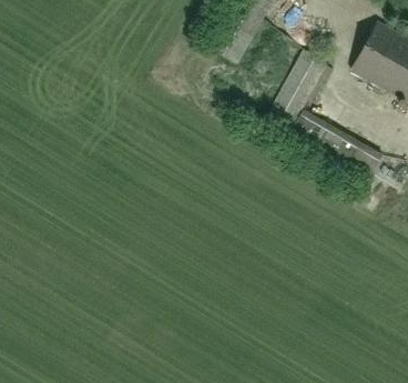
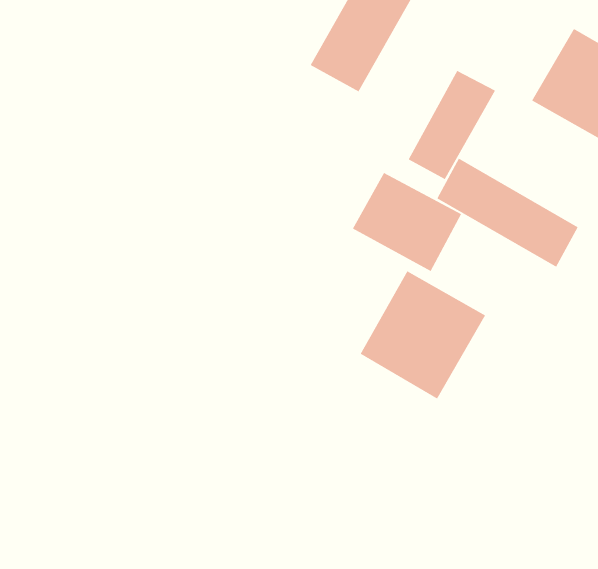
building: none -> [352,172,462,272]
building: none -> [360,271,486,399]

